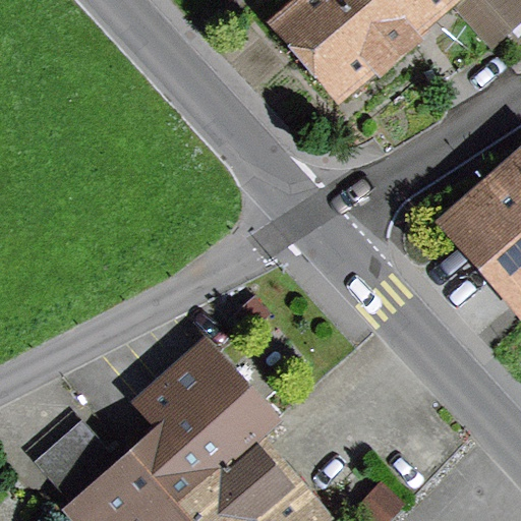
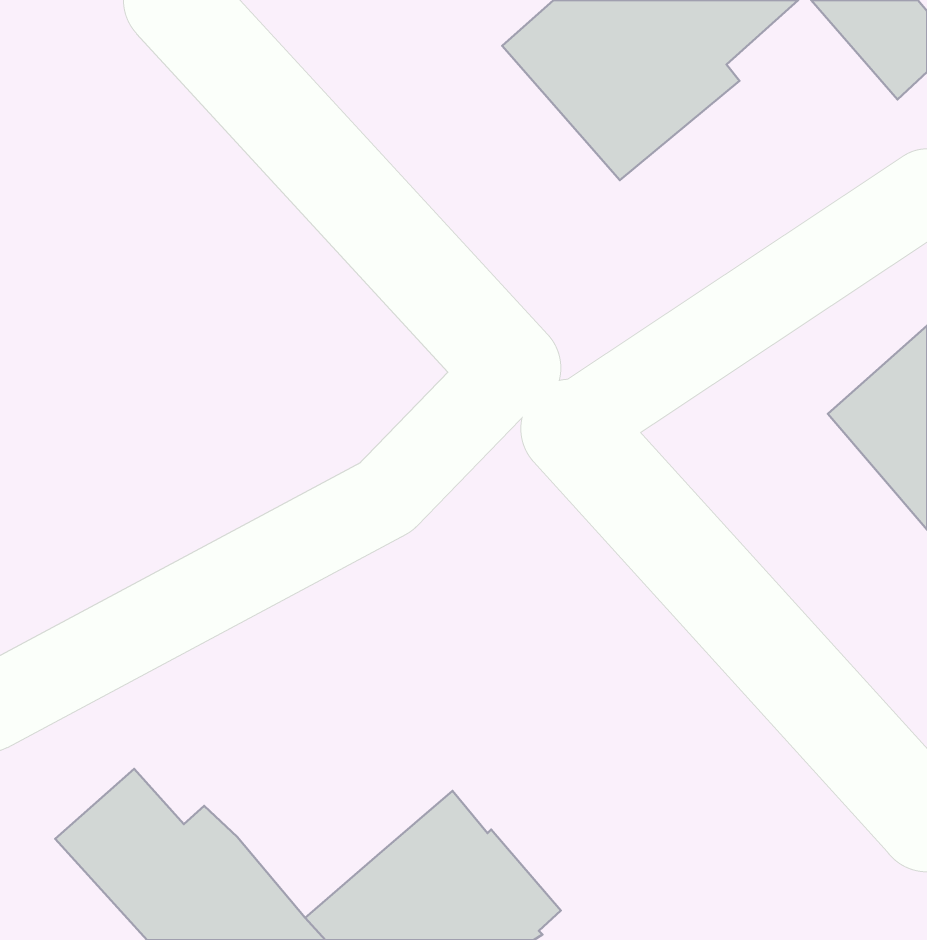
building: [131,355,258,508] -> none

